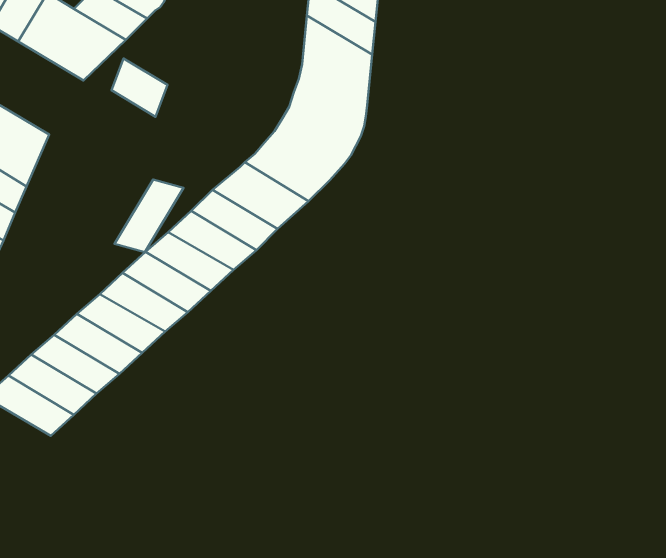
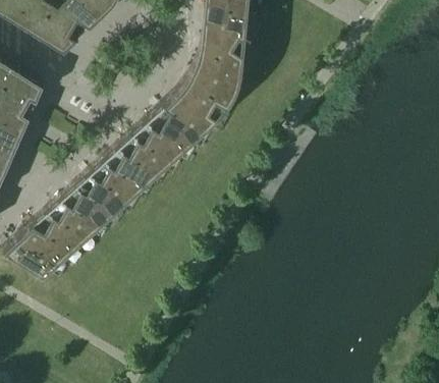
building: [112,58,167,117] -> none
building: [114,180,184,252] -> none

